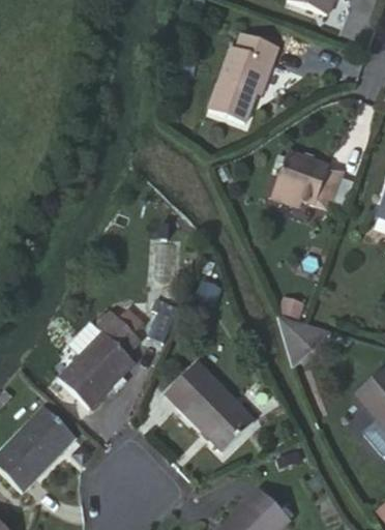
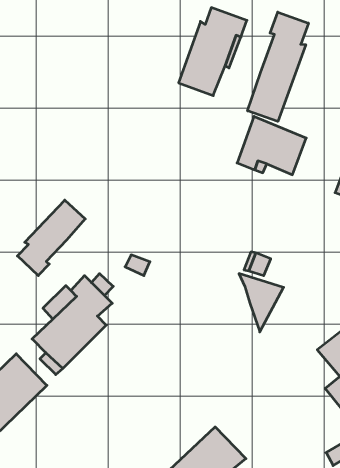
building: none -> [248,12,308,121]
building: none -> [17,200,85,276]
building: [165,352,253,441] -> none

